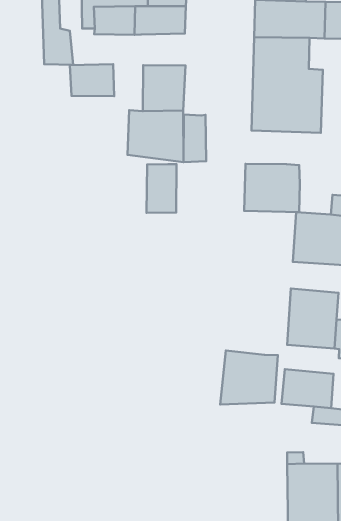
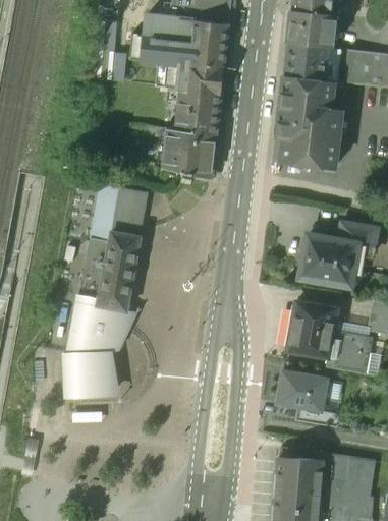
building: [70,64,114,96] -> [183,63,223,95]
building: [183,114,206,162] -> none
building: [244,164,300,212] -> none
building: [147,164,177,213] -> none
building: none -> [64,185,147,397]
building: [220,350,278,405] -> none

